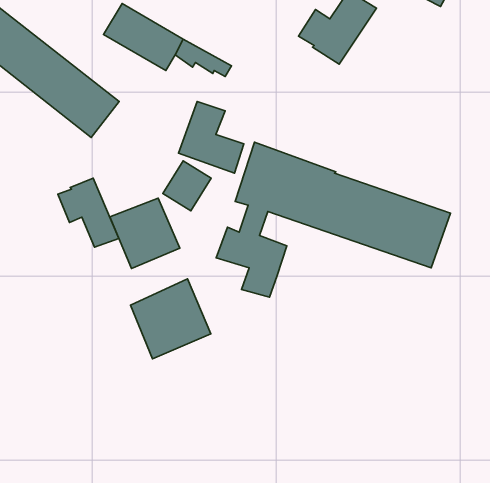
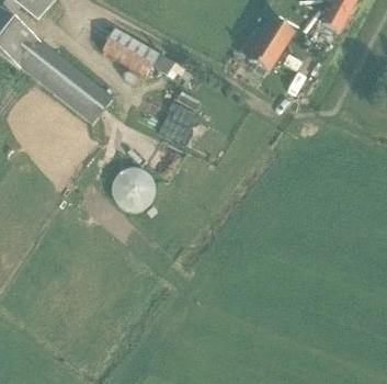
building: [216,142,451,297] -> none
building: [58,178,119,247] -> none
building: [130,279,211,359] -> none

